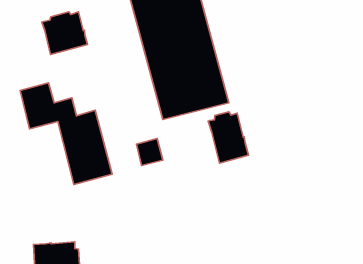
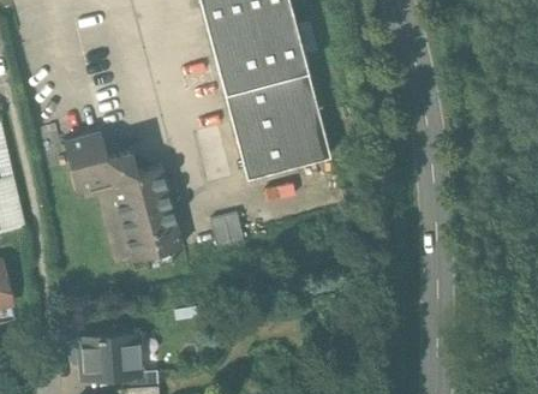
building: [42,12,87,55] -> none
building: [208,112,248,163] -> none

